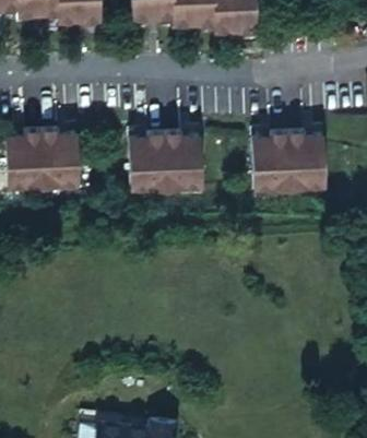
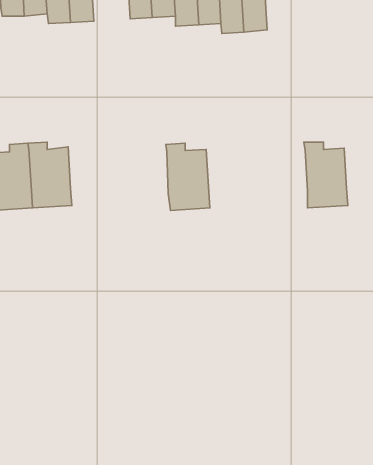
building: [254,130,293,191] -> none
building: [131,132,170,192] -> none

